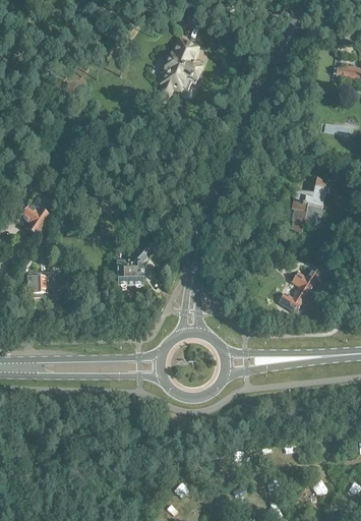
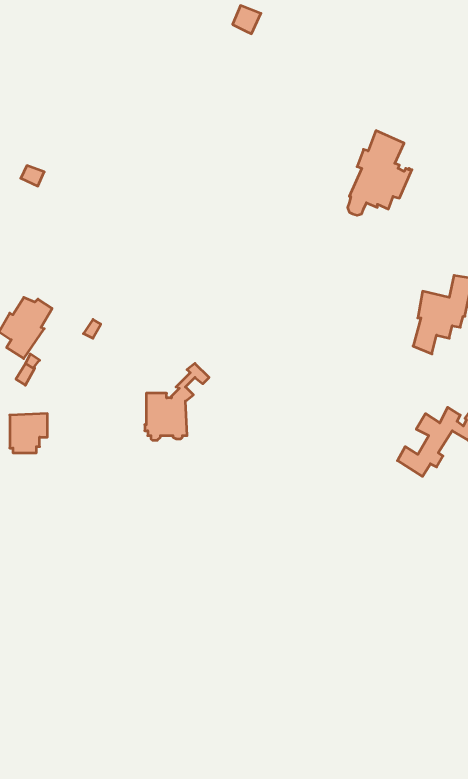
building: [161,39,202,94] -> [348,131,412,215]

